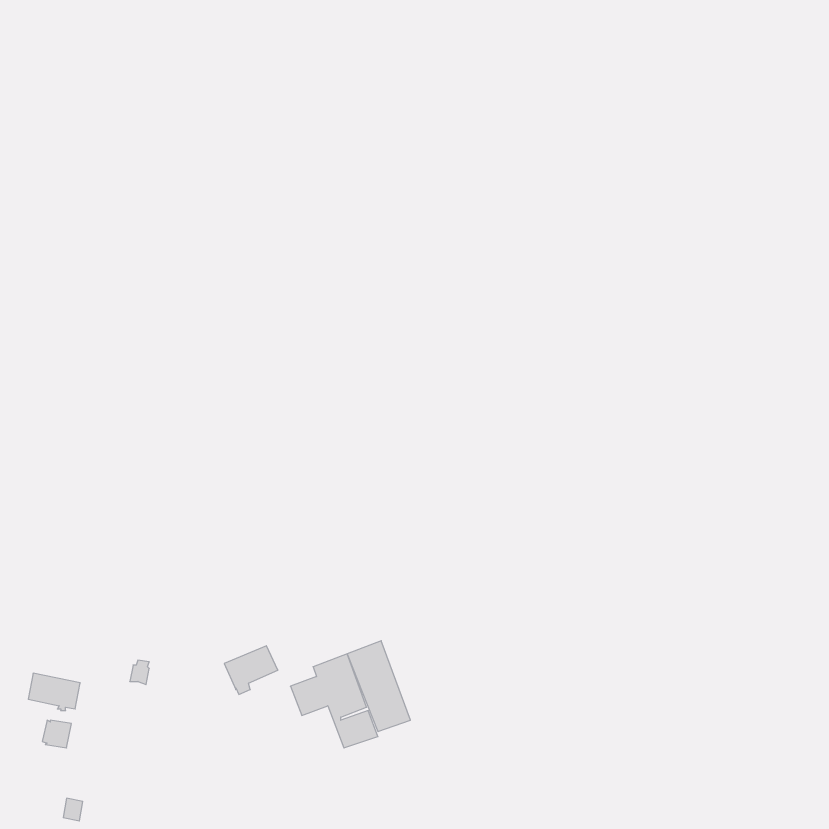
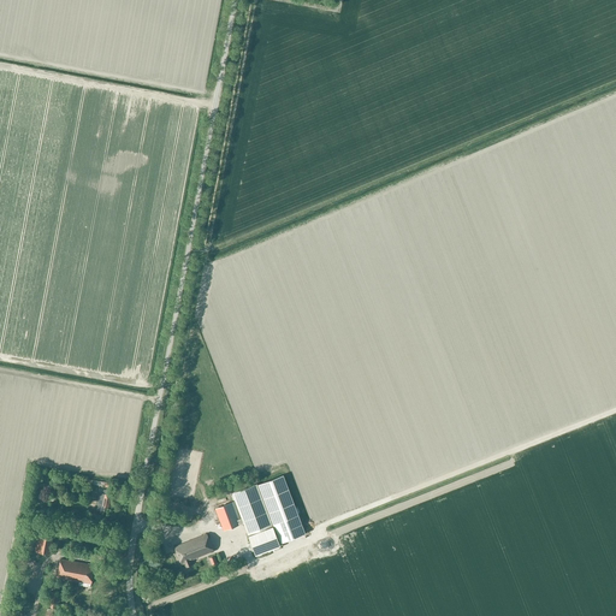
building: [224,646,278,694] -> [174,533,214,569]
building: [28,673,80,711] -> [57,558,95,586]

